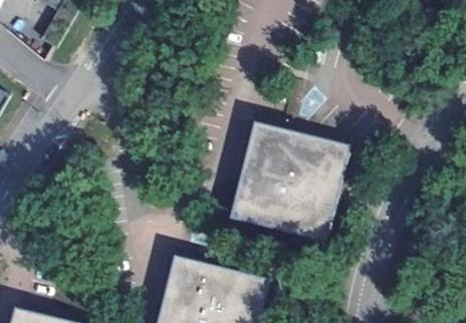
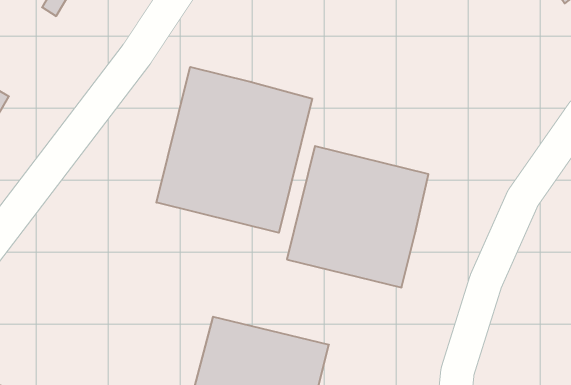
building: none -> [156,67,312,233]

